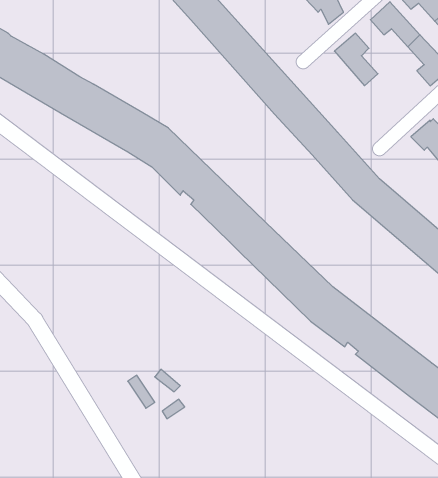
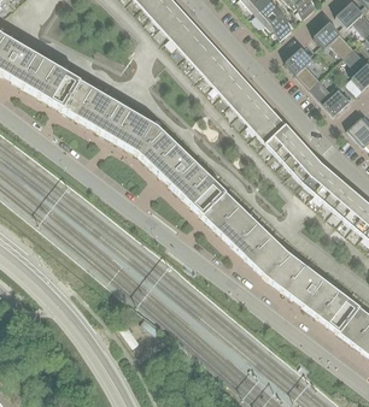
building: none -> [308,78,348,114]

